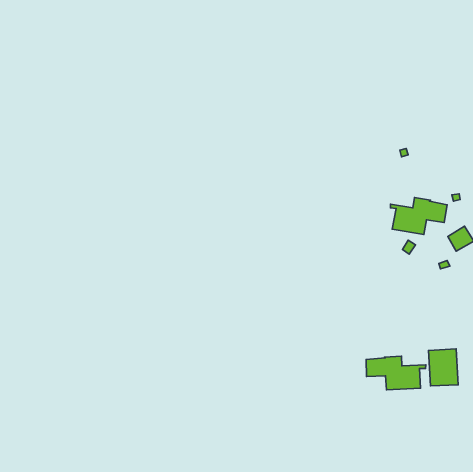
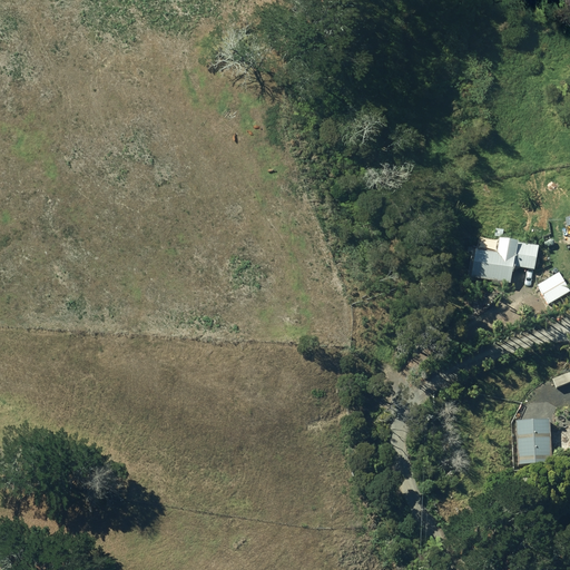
building: [366,356,426,390] -> none

